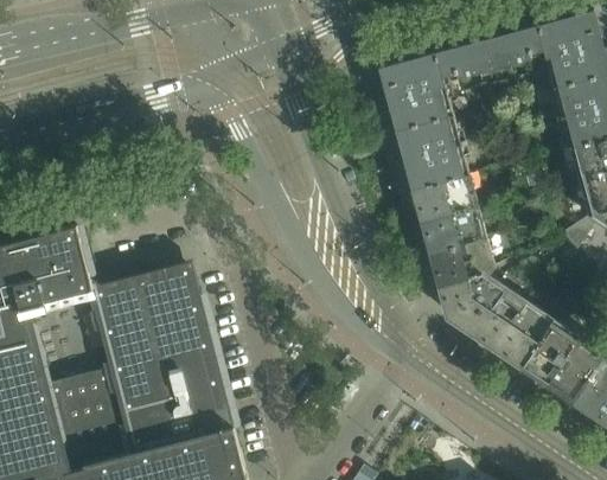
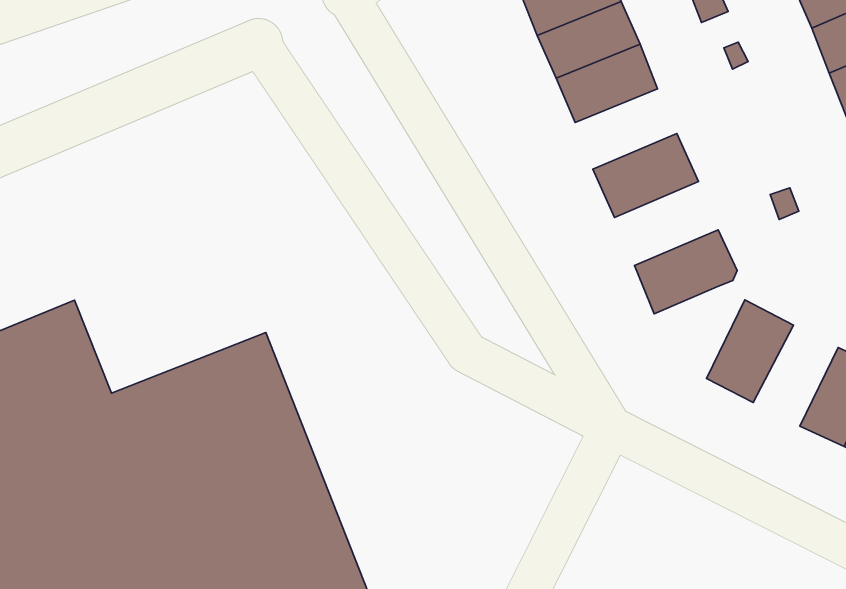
building: [404,145,467,190] -> none
building: [421,206,485,254] -> none
building: [437,274,496,331] -> none
building: [492,305,550,369] -> none

